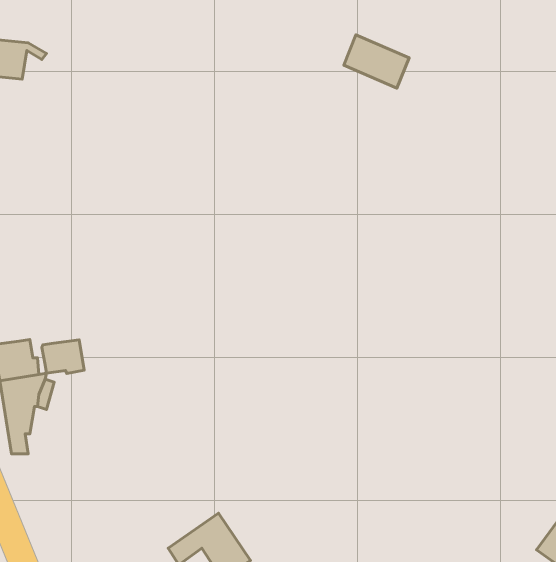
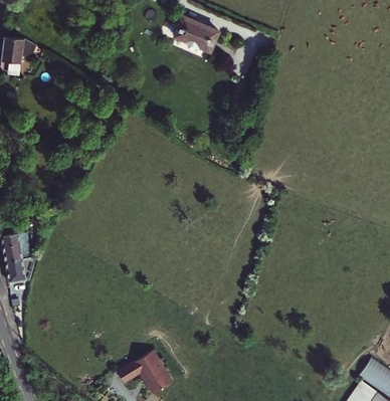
building: [344,35,409,88] -> [173,16,216,51]
building: [42,340,84,374] -> none

